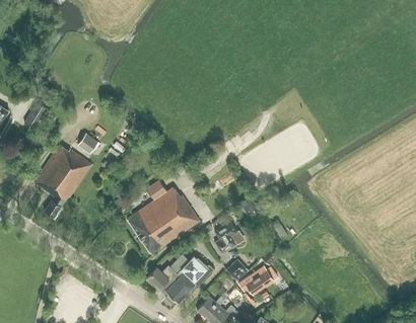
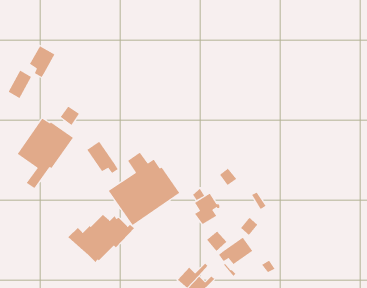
building: none -> [29,45,55,78]
building: none -> [86,141,119,174]
building: [146,254,214,304] -> [68,214,135,263]

